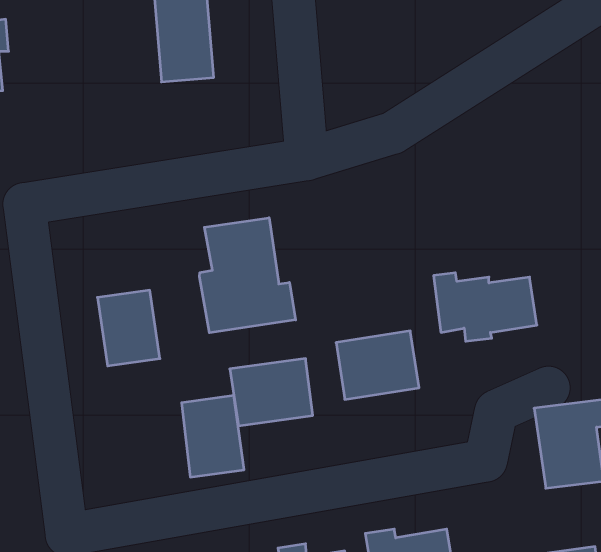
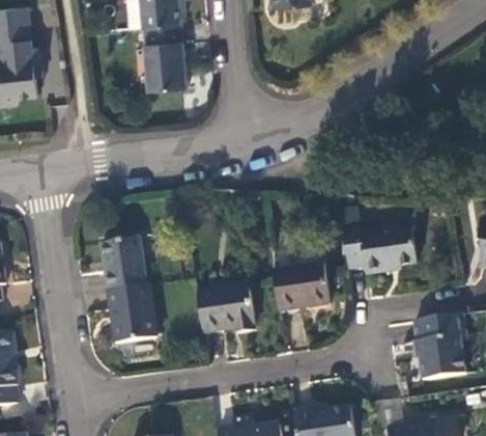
building: [199,218,296,333] -> none
building: [182,396,244,477] -> [110,284,154,343]

